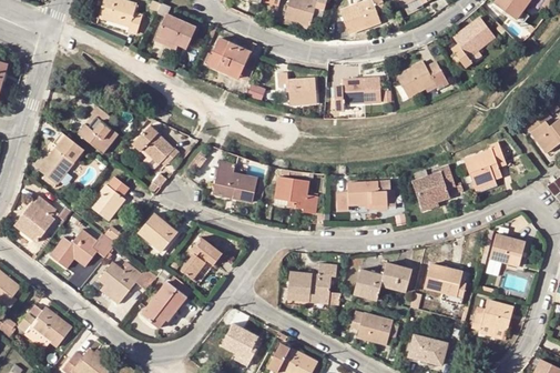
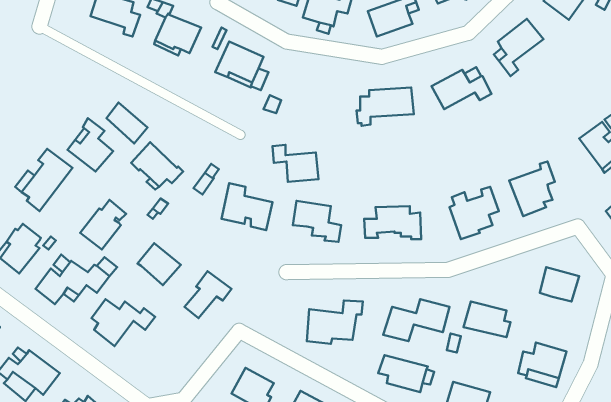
building: [276,72,316,104] -> [273,145,318,182]
building: none -> [106,103,147,143]
building: [141,275,192,326] -> none

